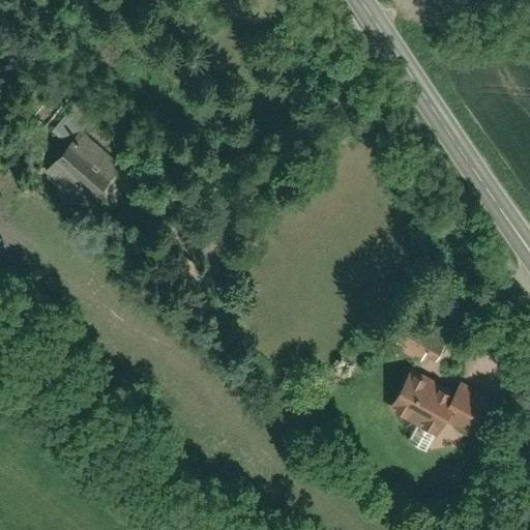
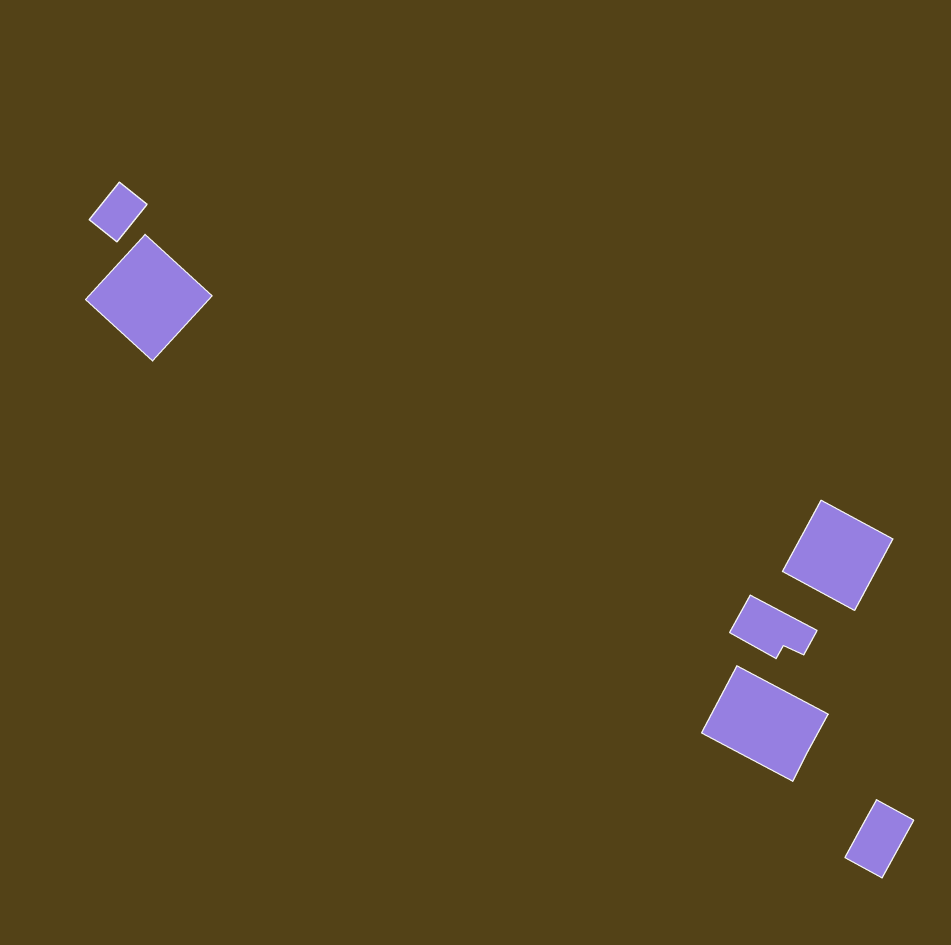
building: none -> [783,500,893,610]
building: [449,389,488,433] -> [845,800,914,878]

